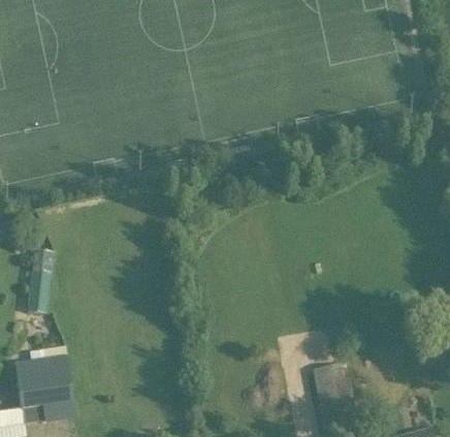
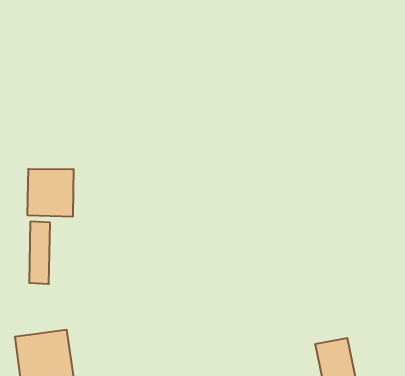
building: none -> [28,169,73,217]

